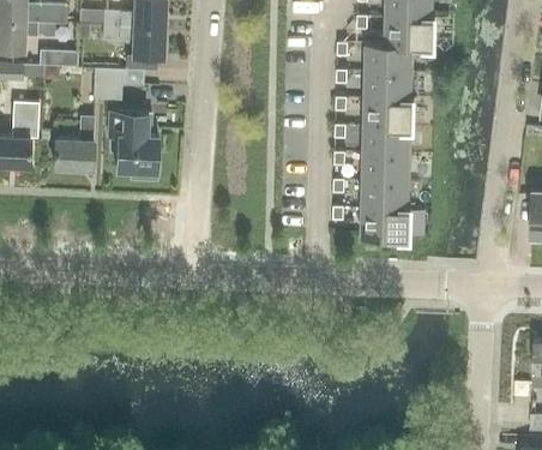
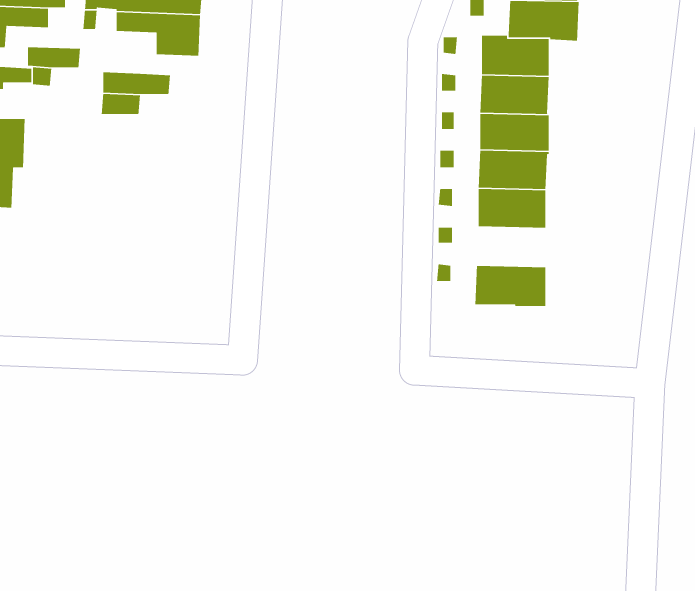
building: [107,112,158,179] -> none
building: [53,115,92,168] -> none
building: [361,179,411,208] -> none

